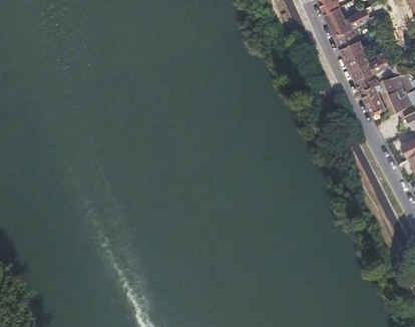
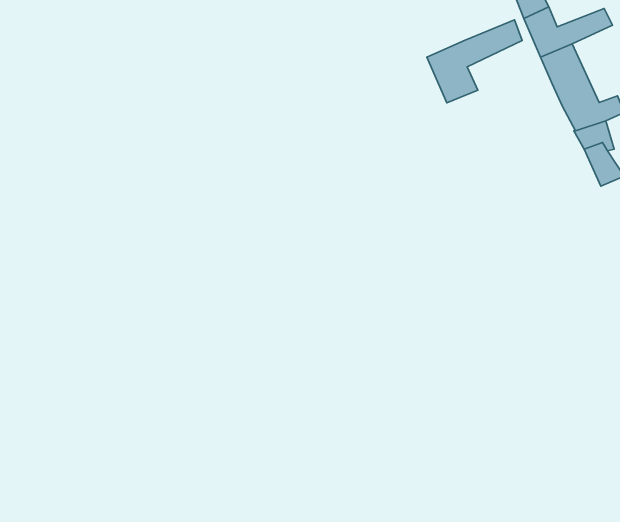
building: none -> [427,20,522,103]

